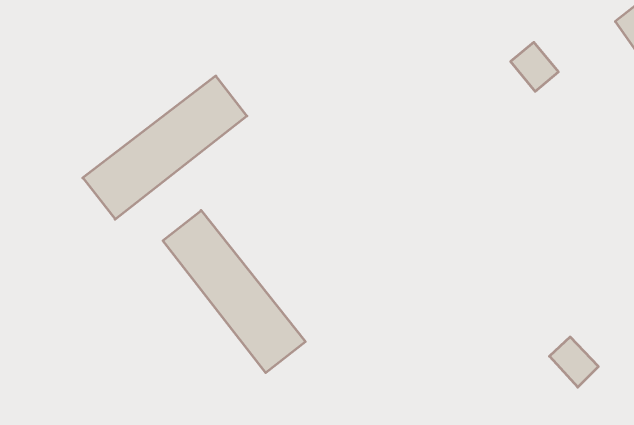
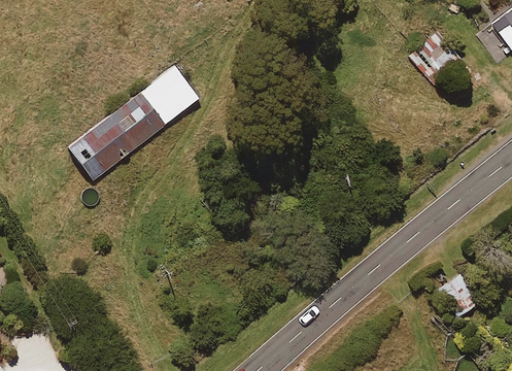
building: [163,210,305,373] -> none

